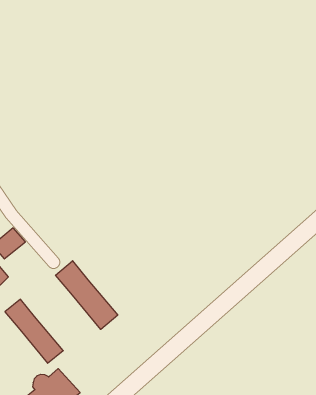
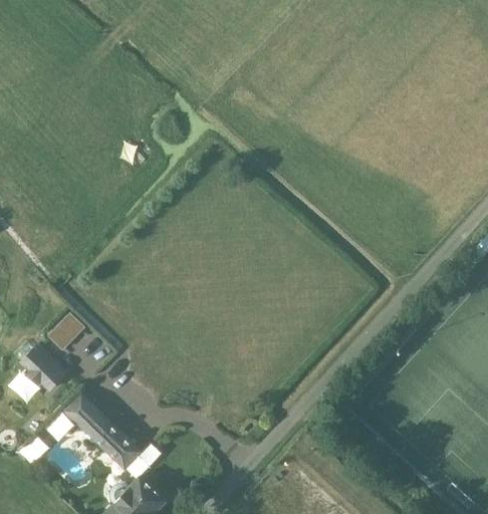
building: [56,261,118,329] -> none

